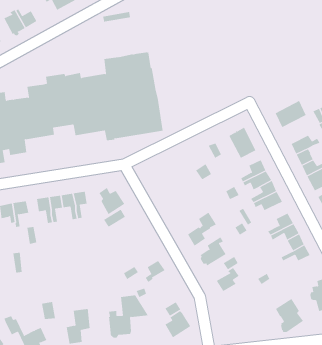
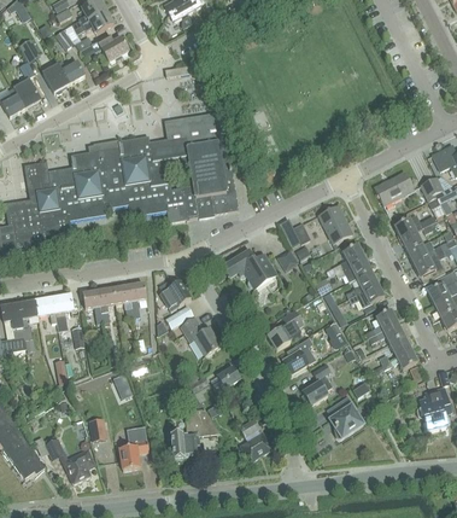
building: none -> [224,249,276,287]
building: none -> [182,316,221,355]
building: [275,298,304,333] -> [328,395,363,437]

